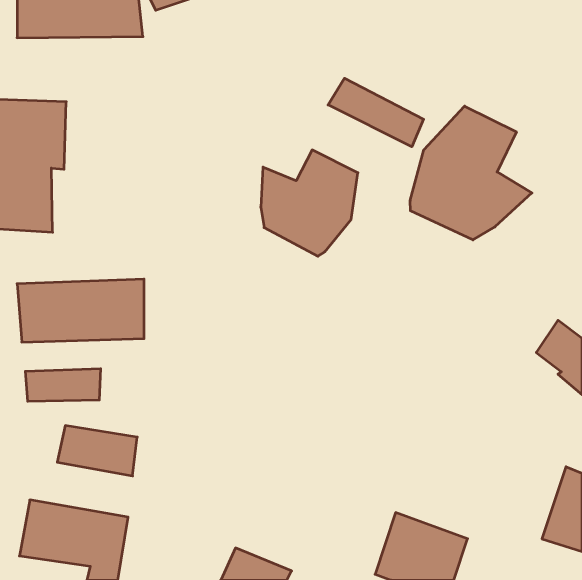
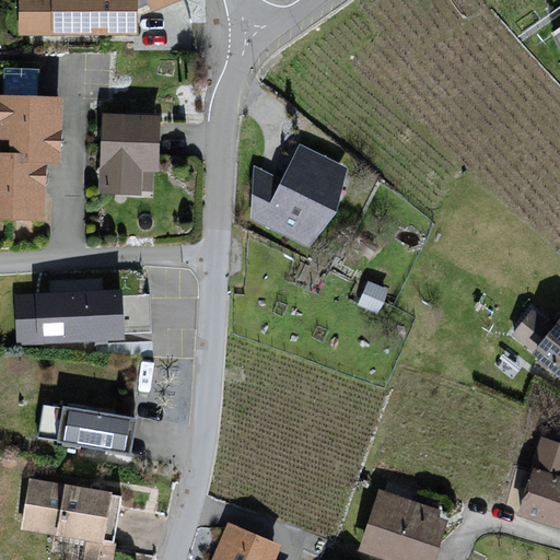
building: [328,78,424,147] -> none
building: [410,106,532,240] -> none
building: none -> [98,112,161,194]
building: [25,369,101,401] -> none

